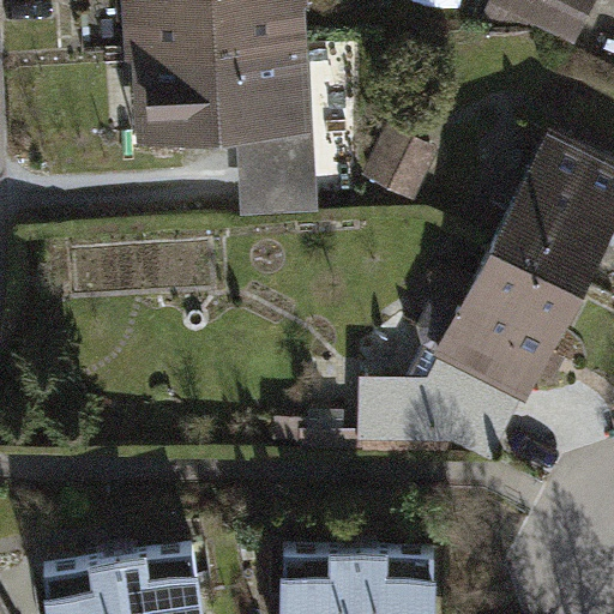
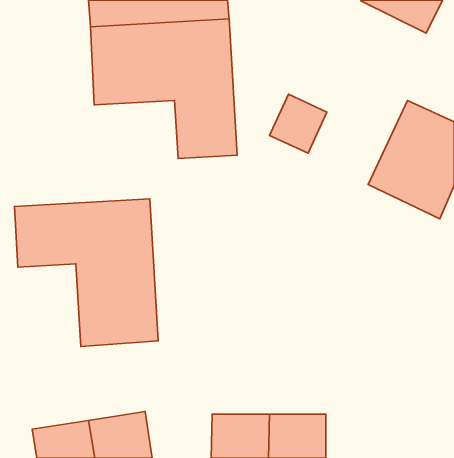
building: [287,247,589,468] -> none
building: none -> [15,199,158,346]

